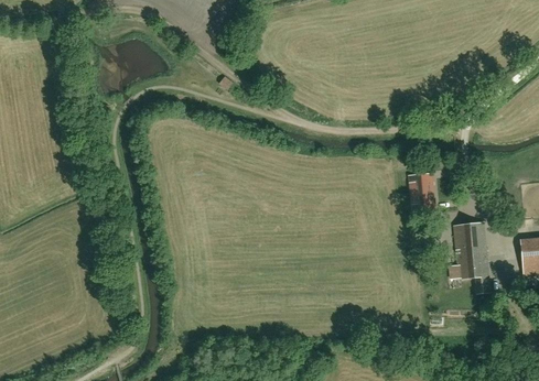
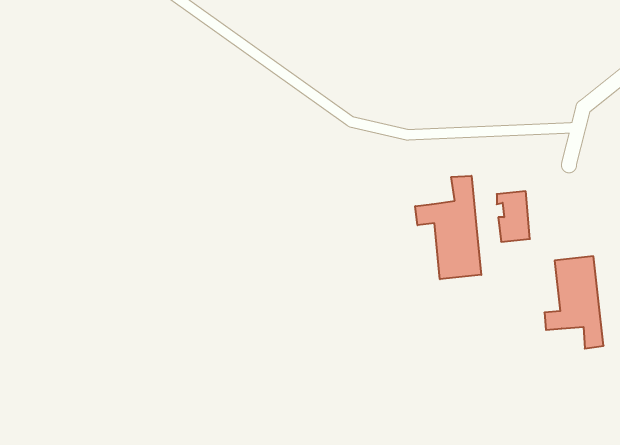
building: none -> [415,176,481,279]

